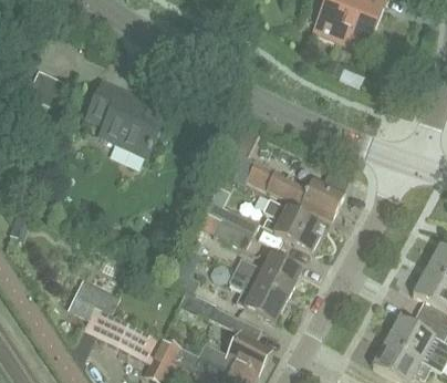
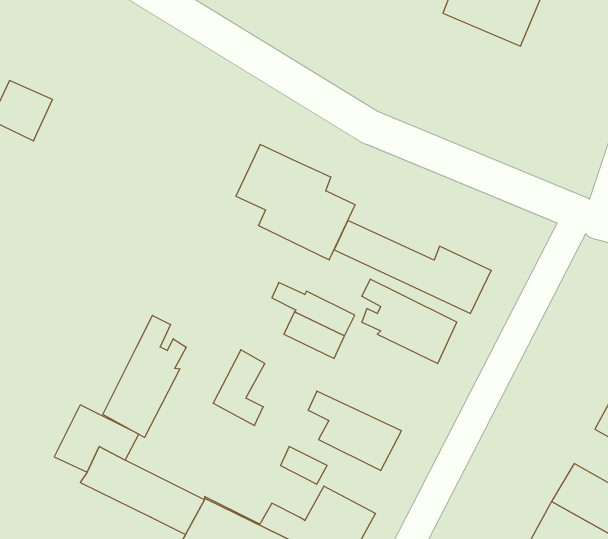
building: [85,83,162,157] -> [236,144,355,260]
building: none -> [103,315,186,437]
building: [233,253,301,296] -> none

